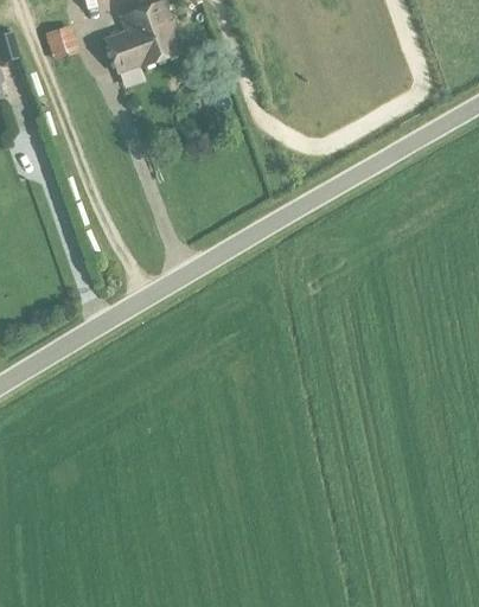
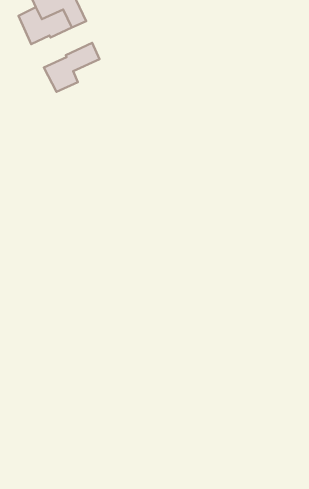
building: none -> [44,43,99,92]

